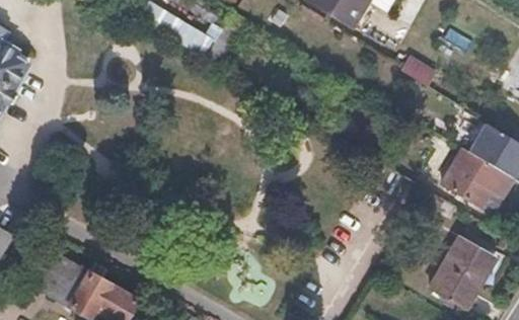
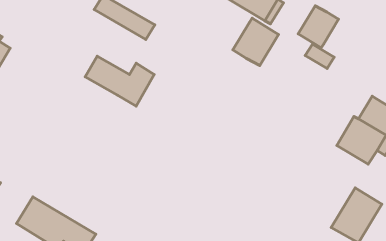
building: none -> [298,6,338,48]
building: none -> [233,18,278,66]
building: none -> [85,56,154,106]

